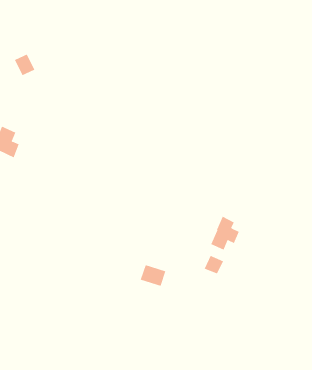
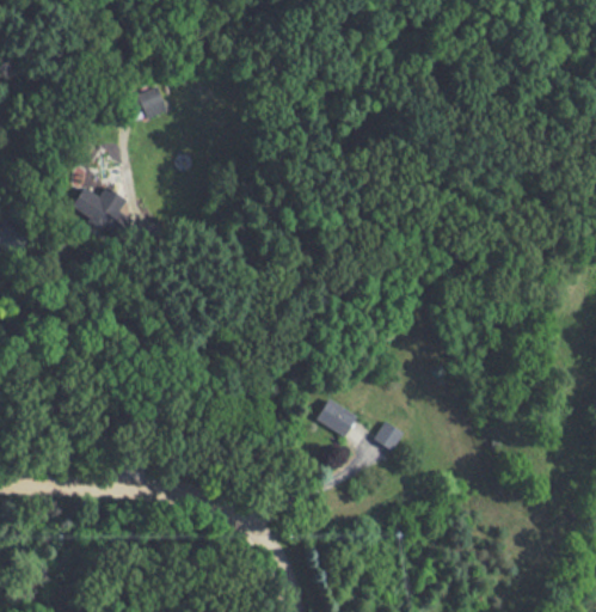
building: [210,216,240,250] -> none
building: [140,264,166,287] -> [315,400,356,436]

